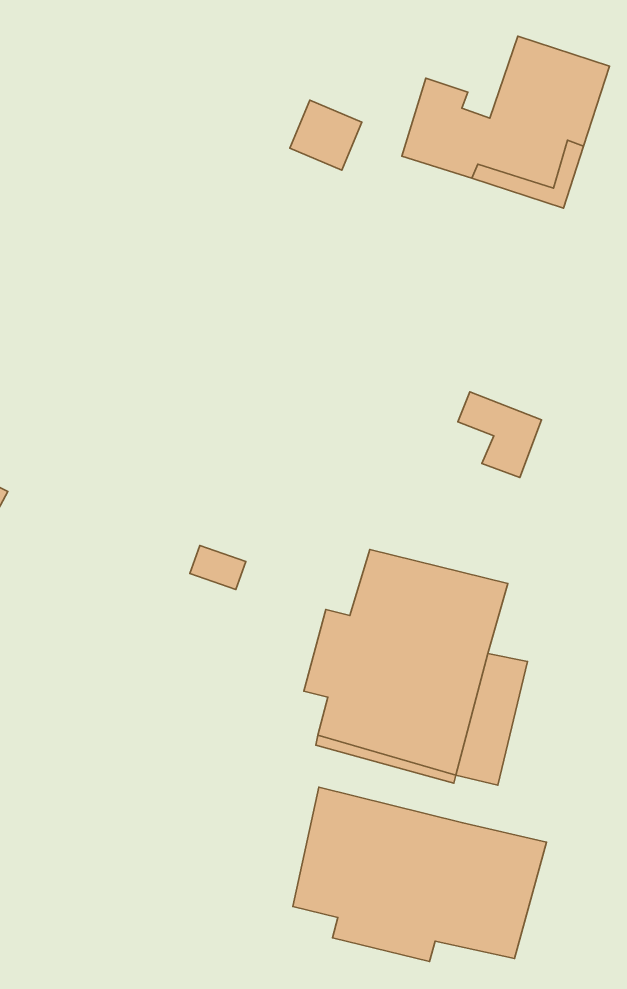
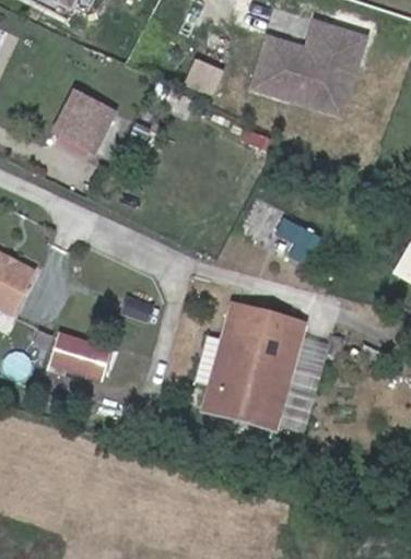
building: none -> [59,97,117,158]
building: none -> [39,333,110,380]
building: [293,787,547,961] -> none

